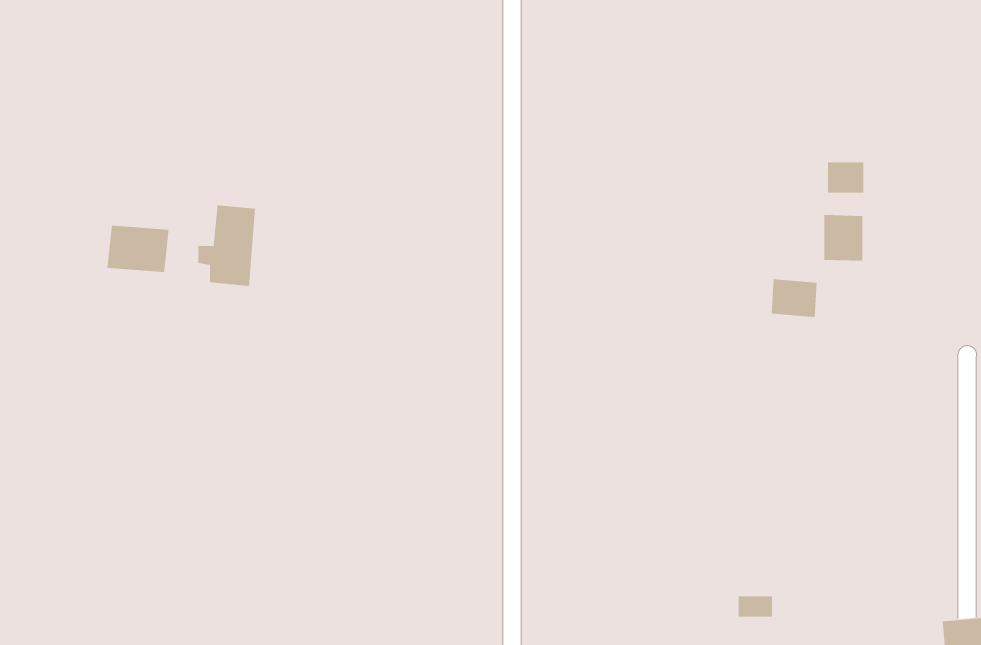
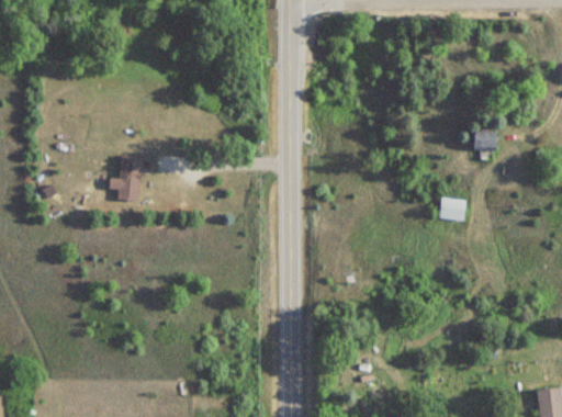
building: [824,214,863,262] -> none
building: [107,225,169,273] -> none

